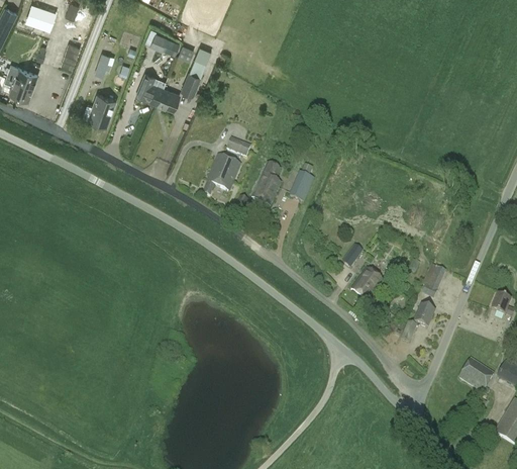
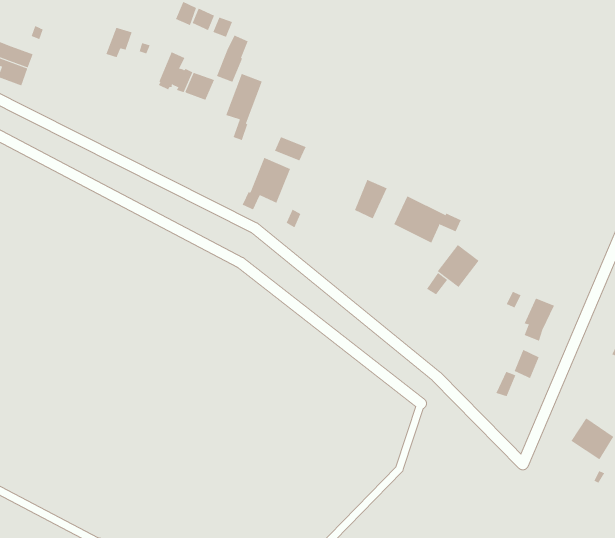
building: none -> [226,73,262,141]
building: [87,91,116,125] -> none
building: [250,161,282,204] -> none
building: none -> [393,196,462,243]
building: [350,266,384,300] -> [437,244,479,288]

